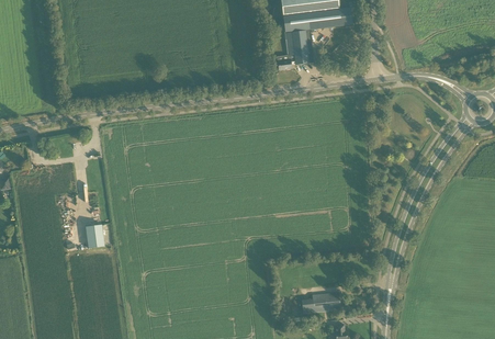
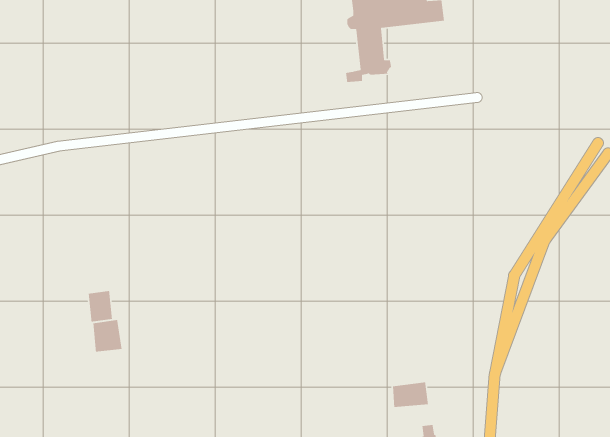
building: none -> [92,319,123,352]

